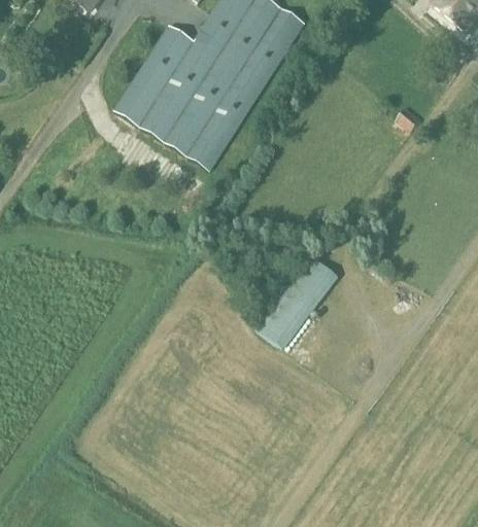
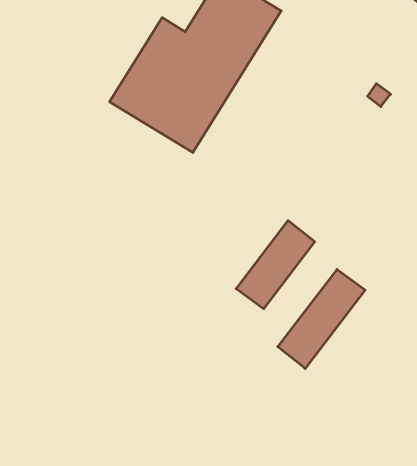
building: none -> [278,269,365,369]

